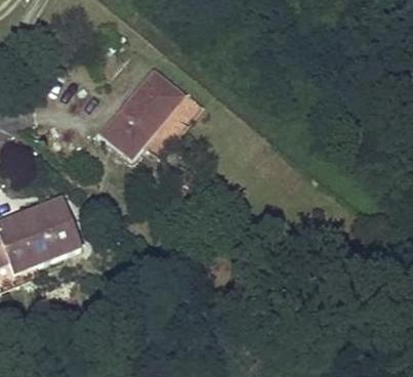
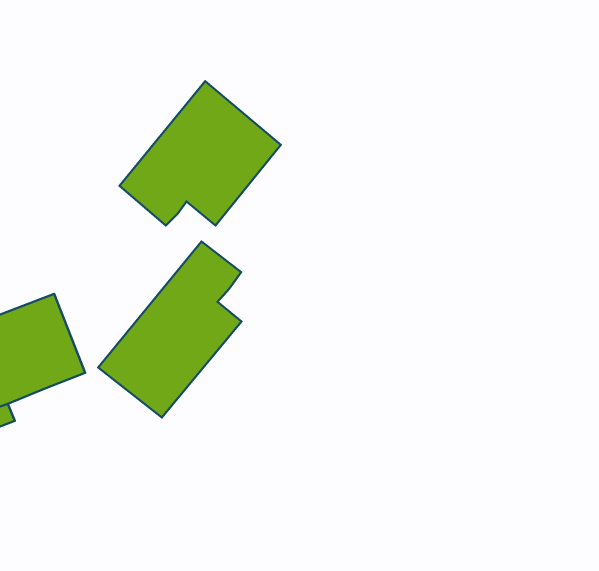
building: none -> [98,241,242,418]

